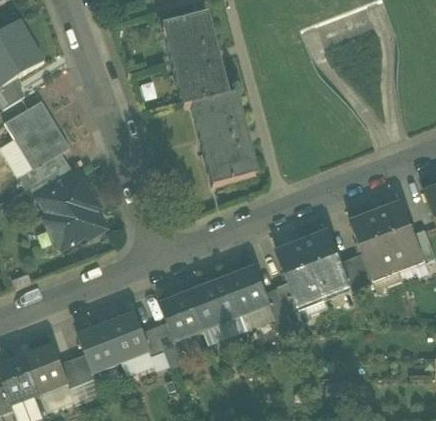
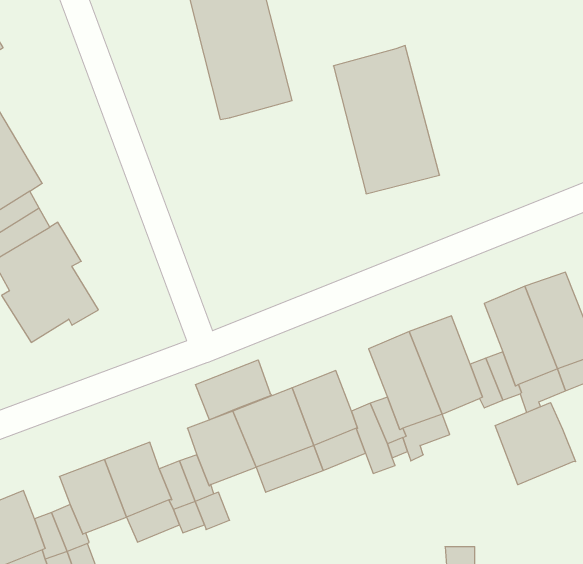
building: [188,89,256,184] -> [333,46,440,194]
building: none -> [195,360,272,420]
building: none -> [495,403,576,485]

